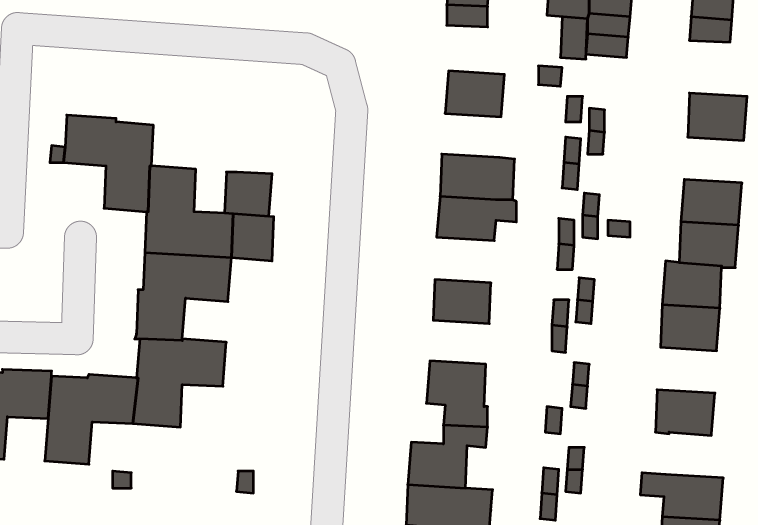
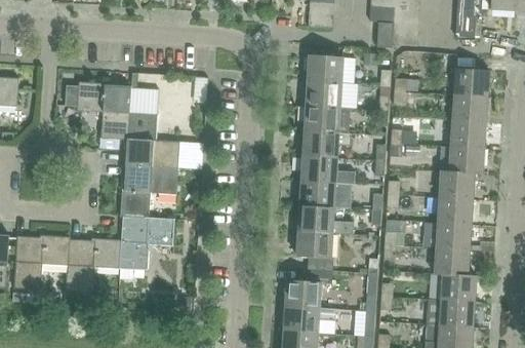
building: none -> [305,80,350,108]
building: none -> [451,94,487,122]
building: [225,172,272,216] -> [129,87,158,114]
building: none -> [300,155,356,184]
building: none -> [297,205,353,234]
building: none -> [435,222,471,249]
building: none -> [440,273,476,301]

